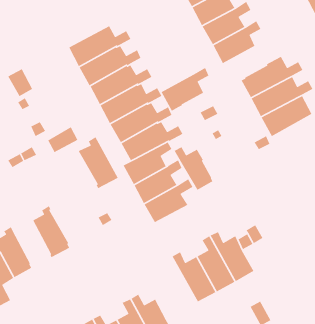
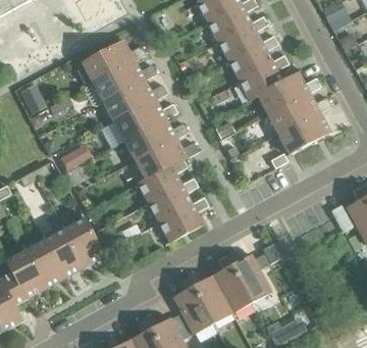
building: [161,67,210,112] -> [239,54,289,100]
building: [78,136,119,189] -> [63,213,105,267]
building: [174,146,214,191] -> none
building: none -> [25,235,64,288]
building: none -> [170,276,213,340]

